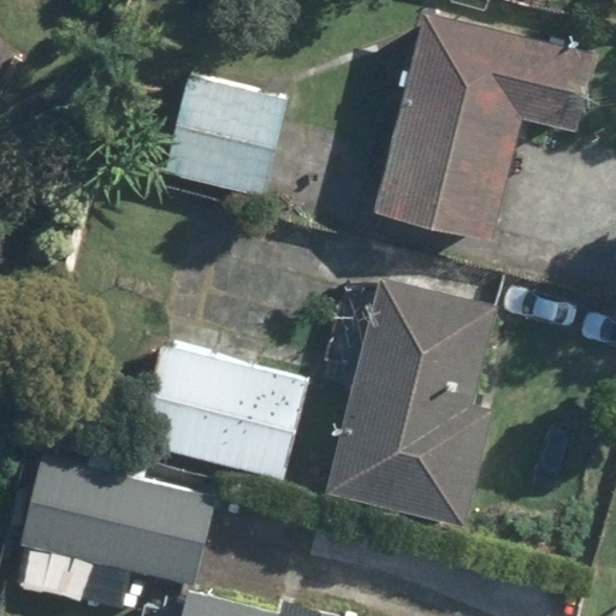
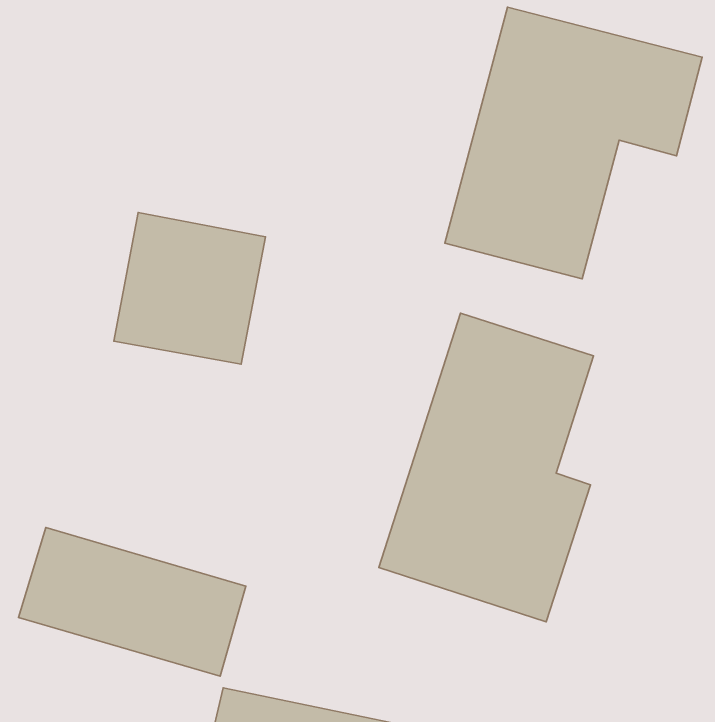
building: [158,75,285,202] -> [114,213,266,364]
building: [123,345,316,488] -> none

